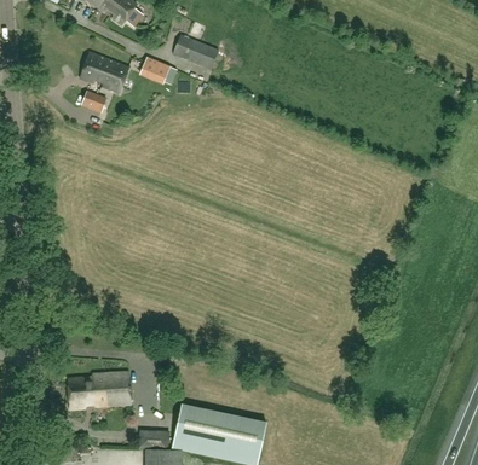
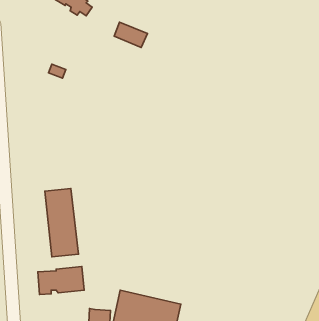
building: [80,53,128,93] -> none
building: [140,57,177,85] -> none
building: none -> [45,188,78,257]

